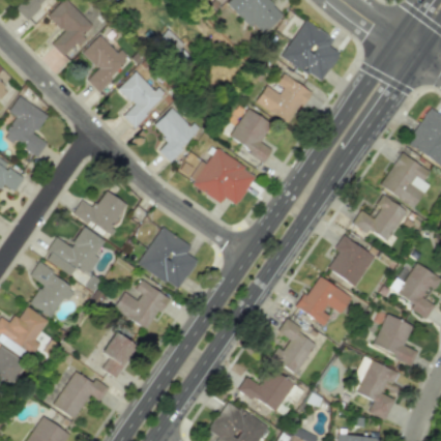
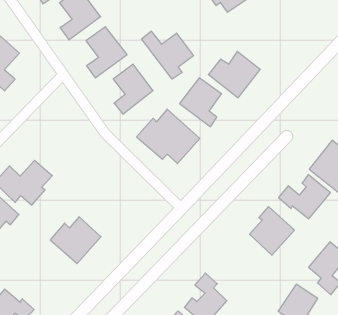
building: [282,19,341,82] -> none
building: none -> [142,31,193,79]
building: [74,190,128,234] -> none
building: [138,226,199,290] -> none
building: [297,275,352,325] -> none
building: [95,331,137,377] -> none

